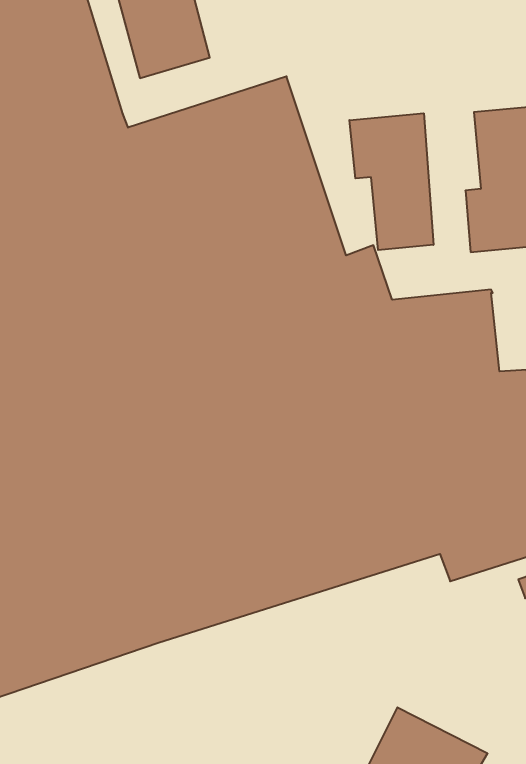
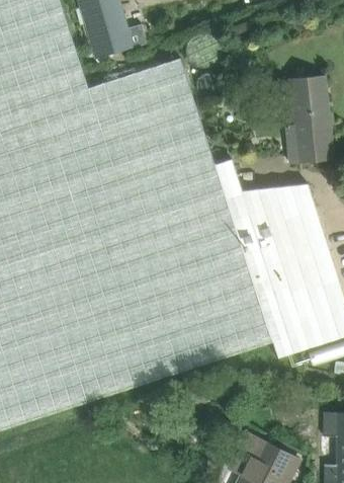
building: [349,113,433,250] -> none

